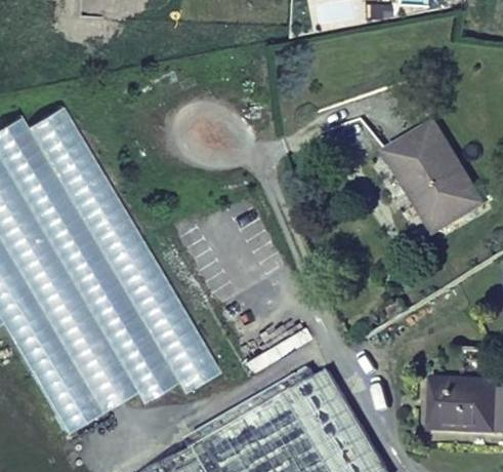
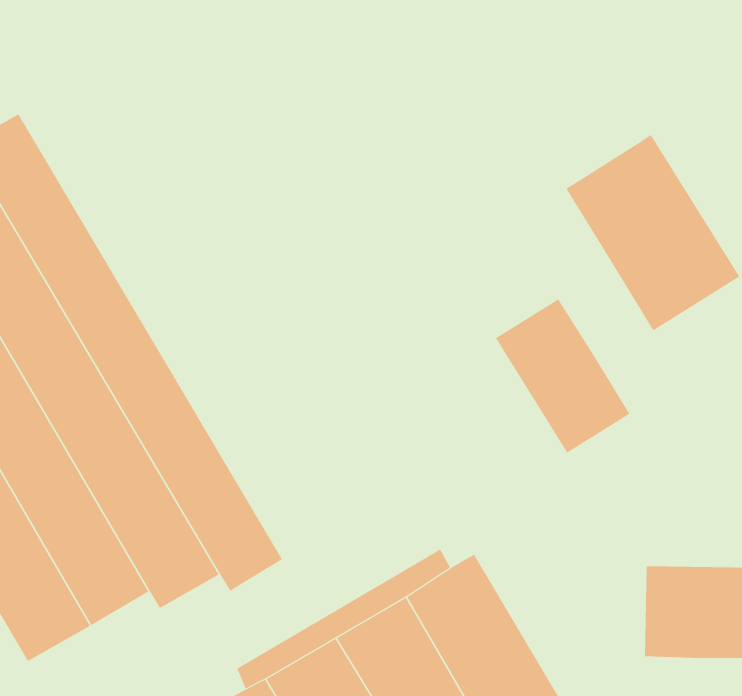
building: none -> [495,298,630,453]

